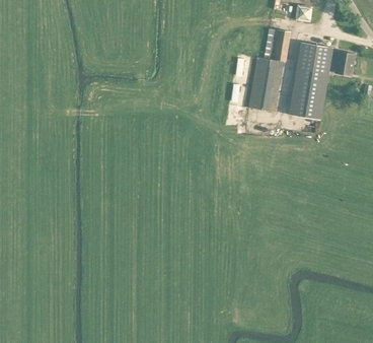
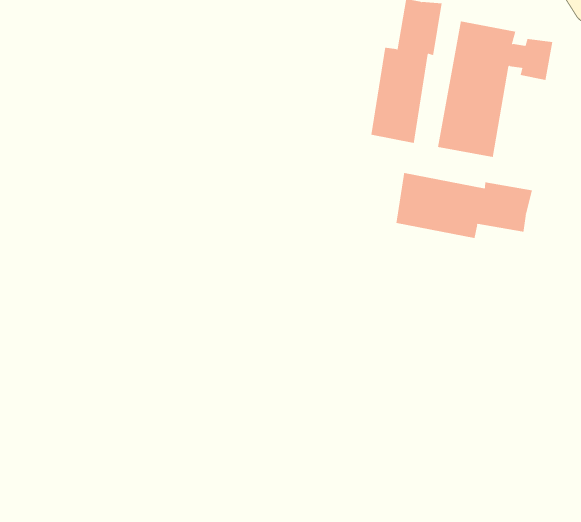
building: none -> [396,172,532,239]

